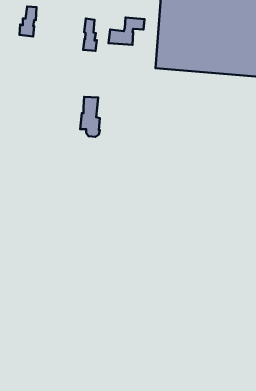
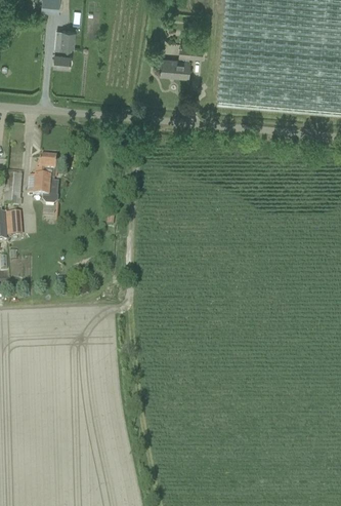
building: [83,19,97,51] -> none
building: [80,97,100,137] -> [36,154,59,202]

